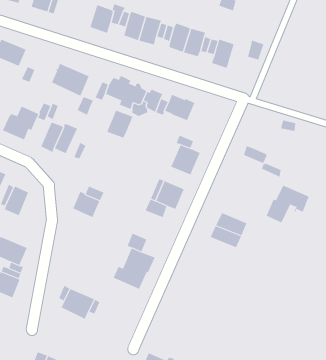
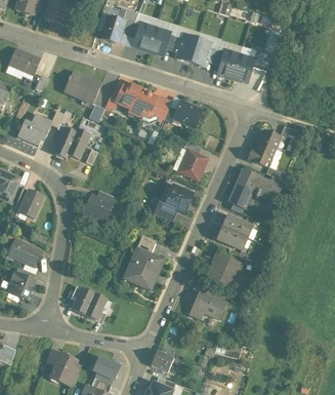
building: none -> [233,53,254,81]
building: [107,110,133,138] -> none
building: none -> [254,130,280,159]
building: [266,185,310,223] -> [228,171,270,208]
building: none -> [205,253,241,291]
building: none -> [190,292,225,320]

